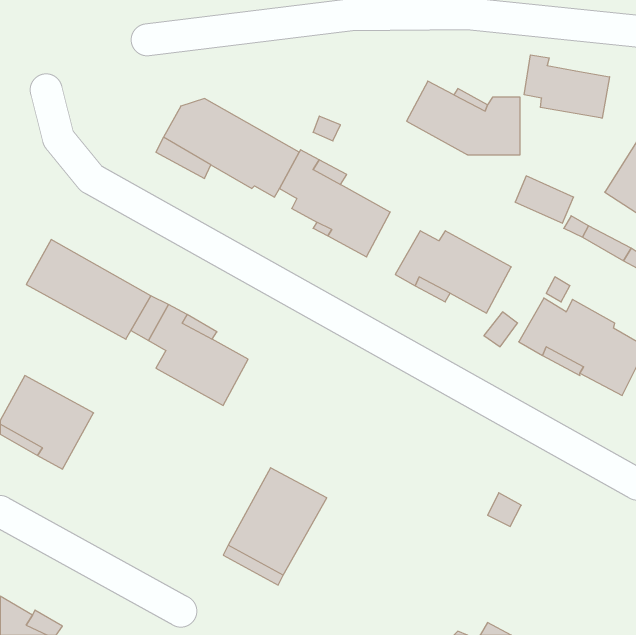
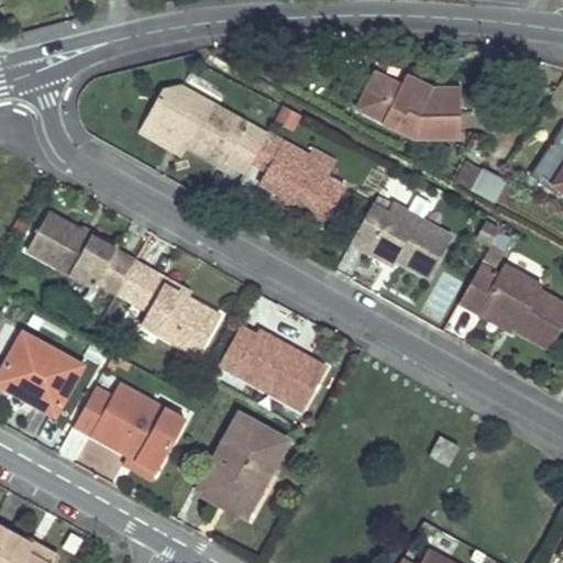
building: [524,55,610,118] -> none
building: none -> [219,323,327,408]
building: none -> [76,382,187,478]

